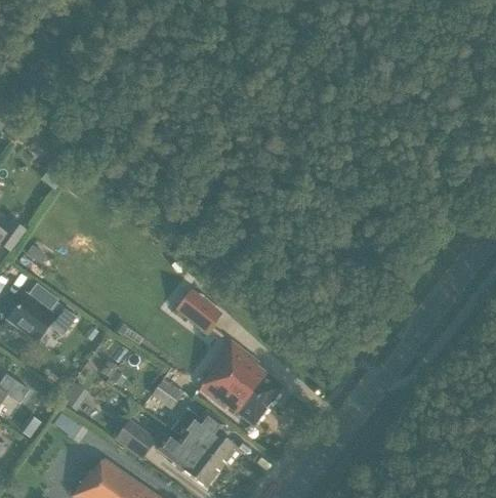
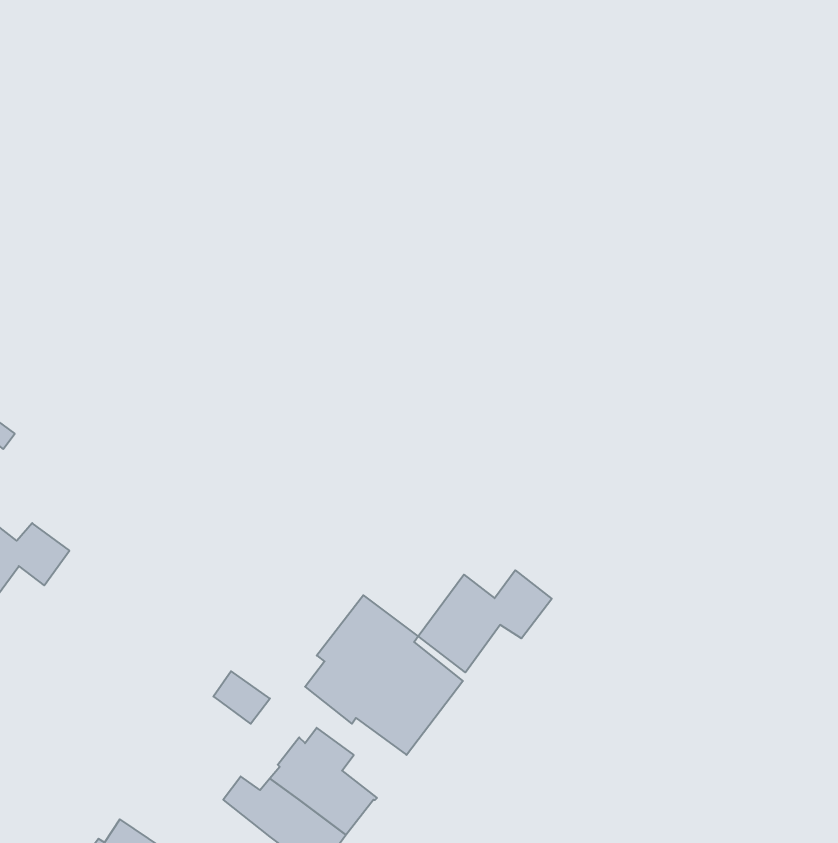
building: [175,289,219,332] -> none
building: none -> [418,570,552,672]
building: [113,417,155,457] -> none

